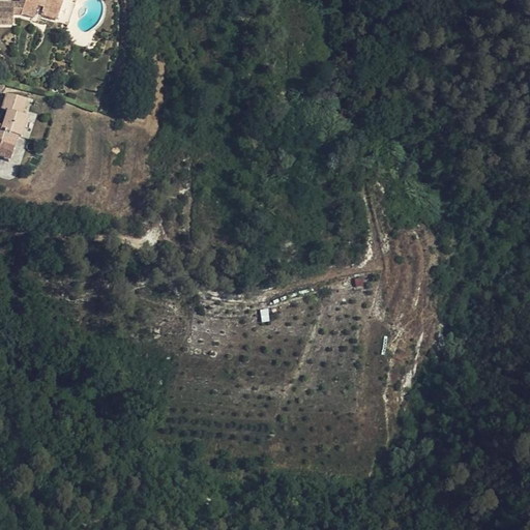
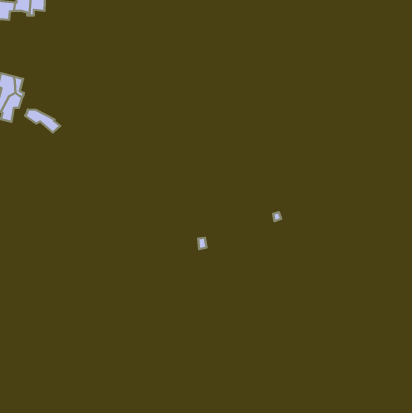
building: none -> [25,110,60,132]

